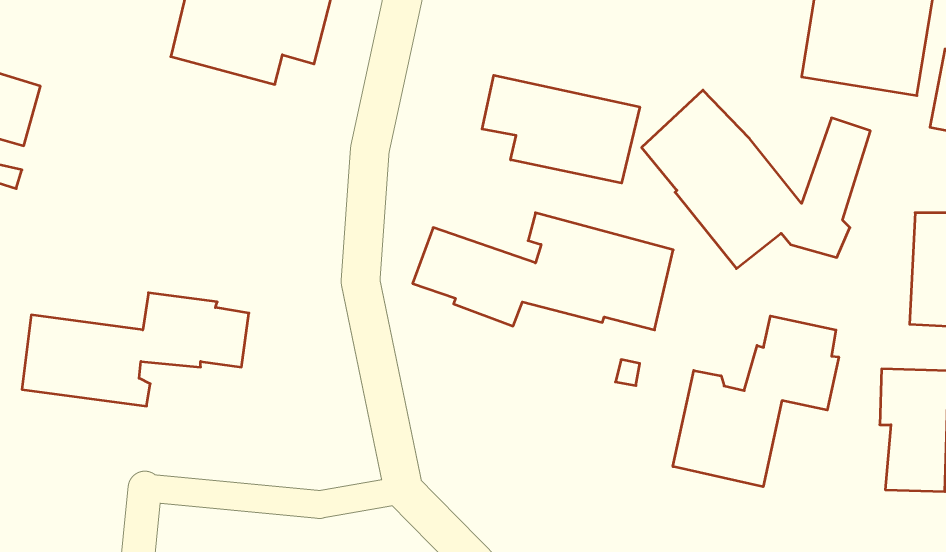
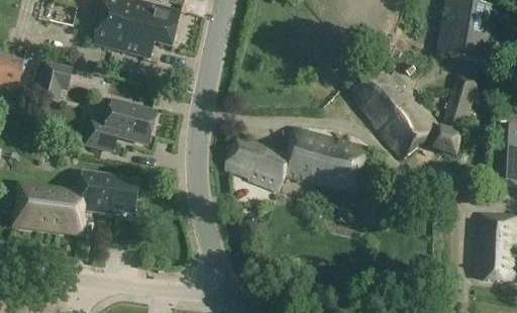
building: [482,75,640,183] -> none
building: none -> [35,60,72,102]
building: none -> [85,100,156,149]
building: [673,316,839,487] -> none

